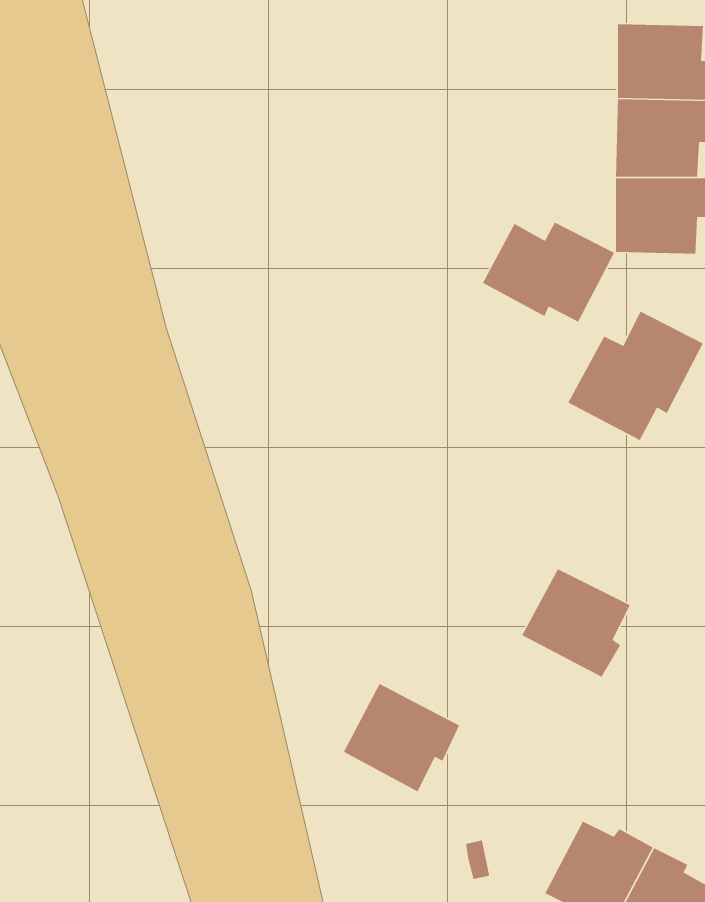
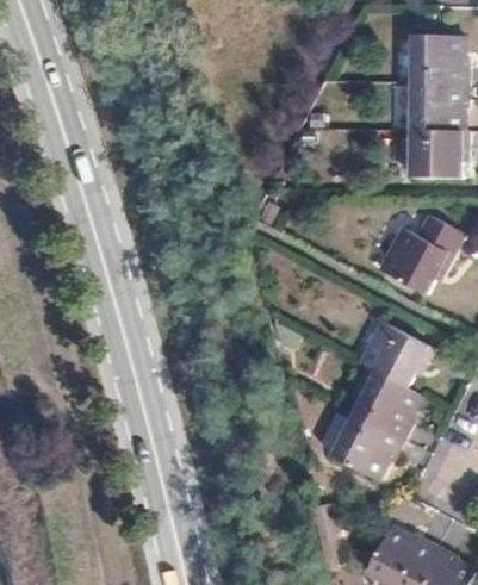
building: [482,222,615,323] -> none
building: none -> [359,322,430,387]
building: [343,683,460,792] -> [329,413,402,481]

